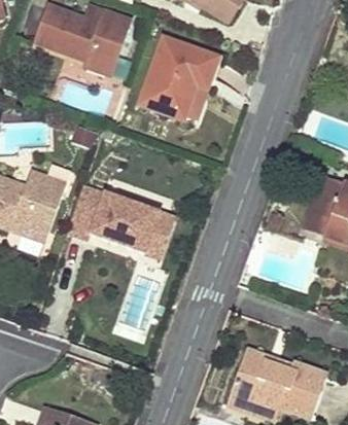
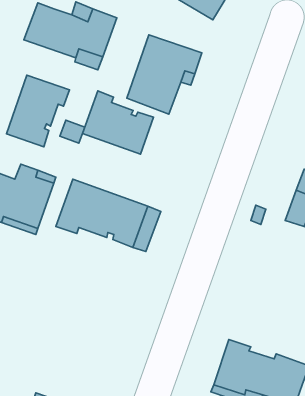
building: none -> [6,75,70,147]
building: none -> [83,91,154,154]

